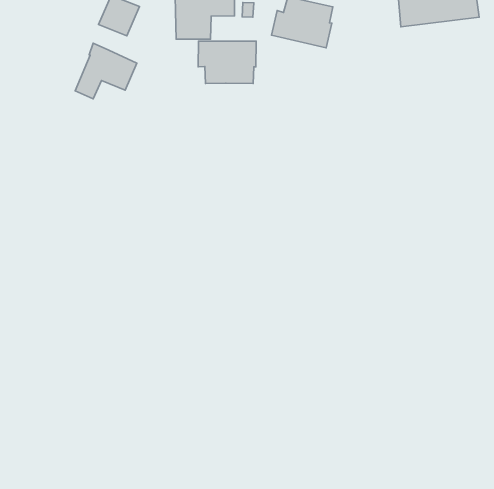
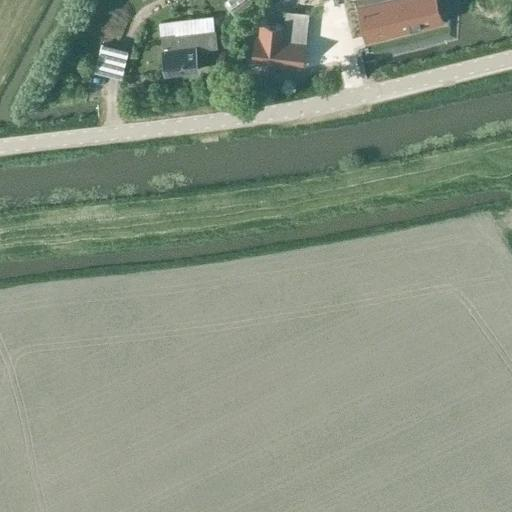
building: [198,41,256,83] -> none
building: [75,43,137,99] -> none

